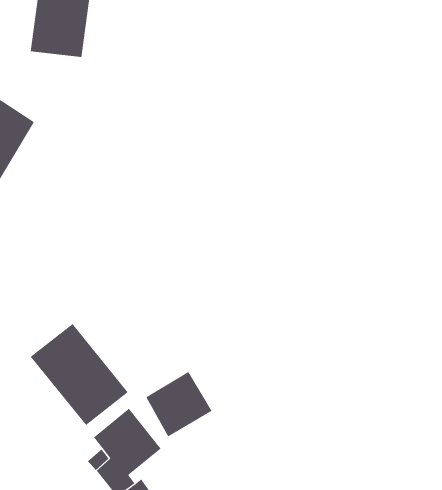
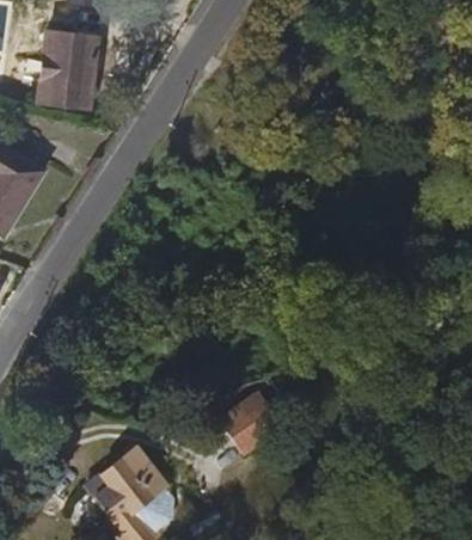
building: [30,323,128,426] -> none
building: [145,371,212,437] -> [214,386,278,449]

